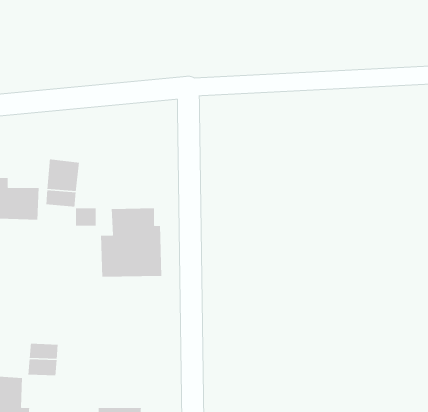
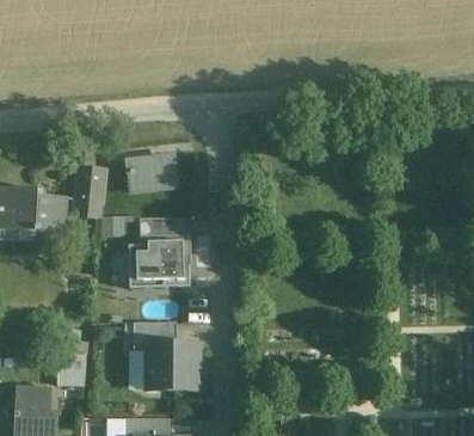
building: none -> [127,156,176,192]
building: none -> [131,323,199,392]

